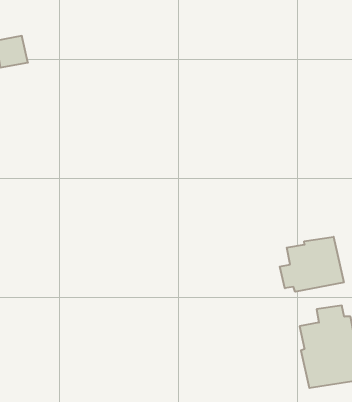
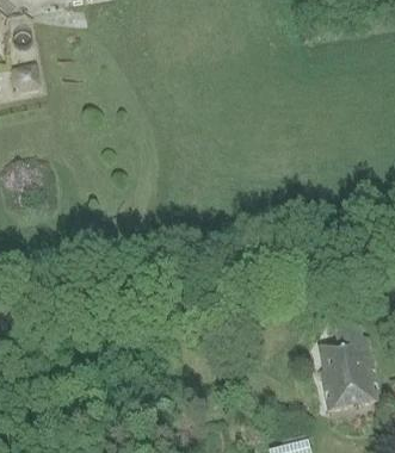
building: [280,237,344,292] -> none

